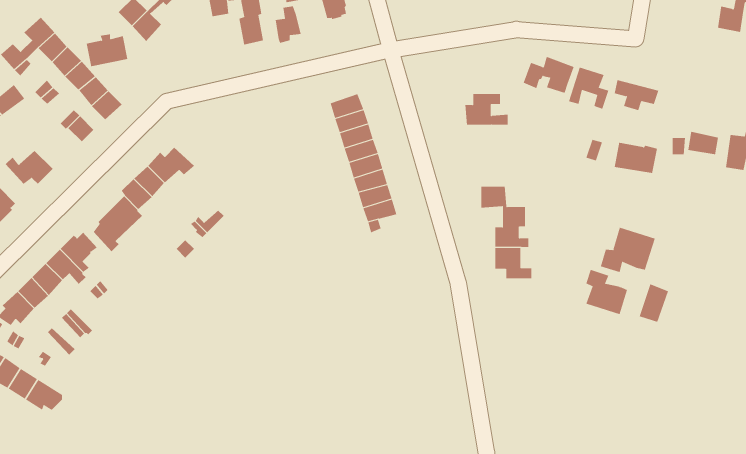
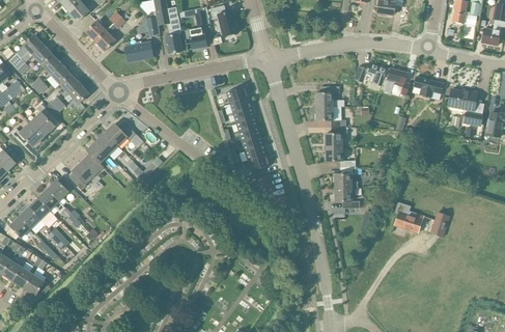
building: [86,34,128,67] -> [124,39,152,61]
building: none -> [30,103,53,135]
building: none -> [315,106,345,146]
building: [614,142,658,173] -> [447,88,476,109]
building: [600,227,655,273] -> none

